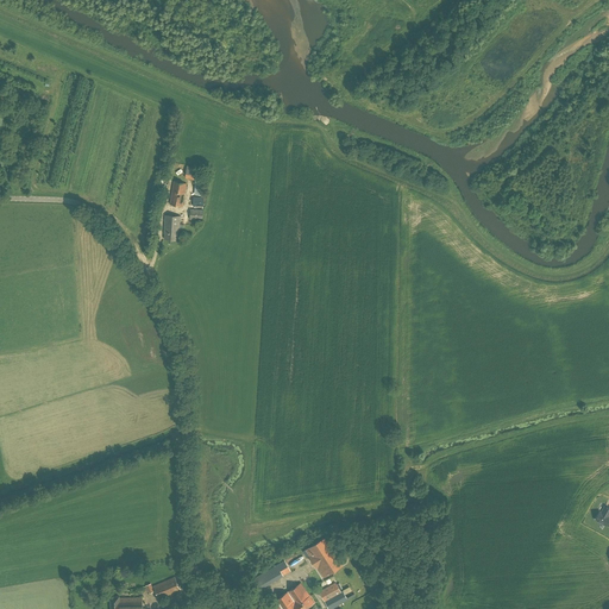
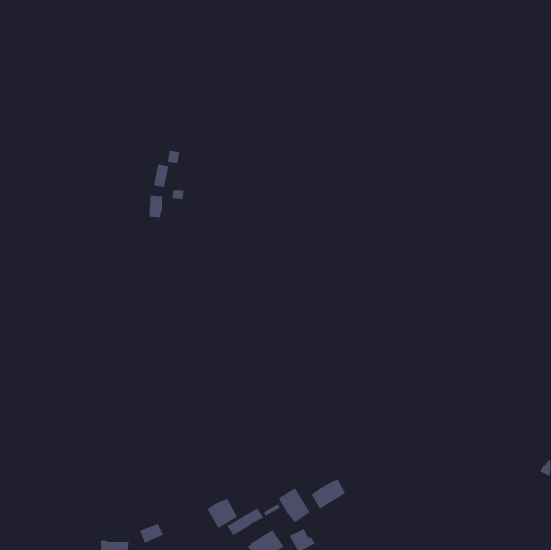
building: none -> [311,479,346,509]
building: none -> [207,498,238,529]

